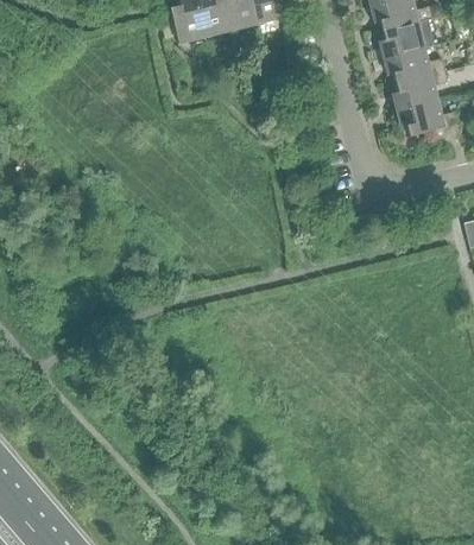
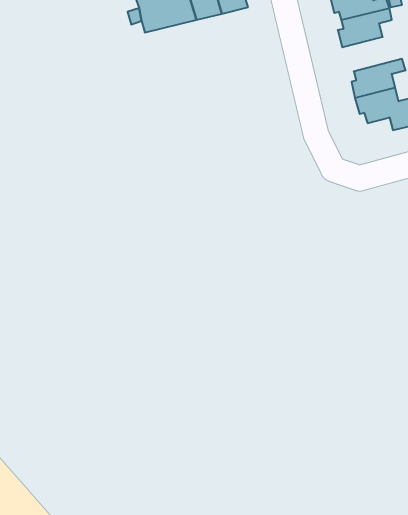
building: [383,47,444,83] -> none

